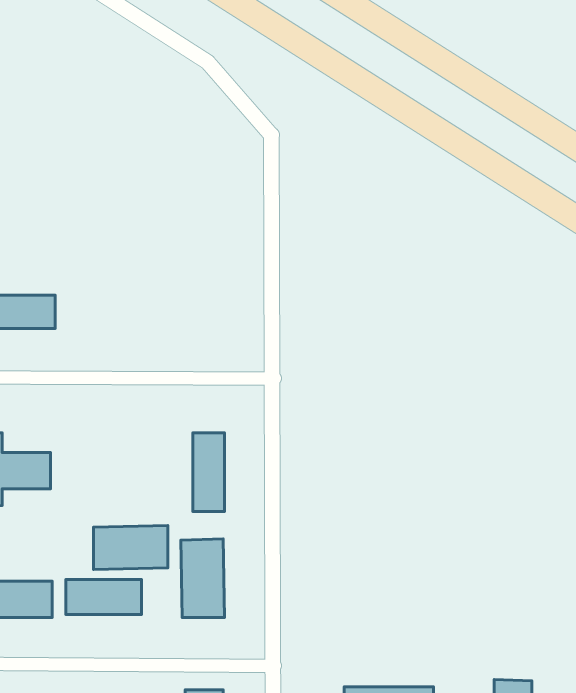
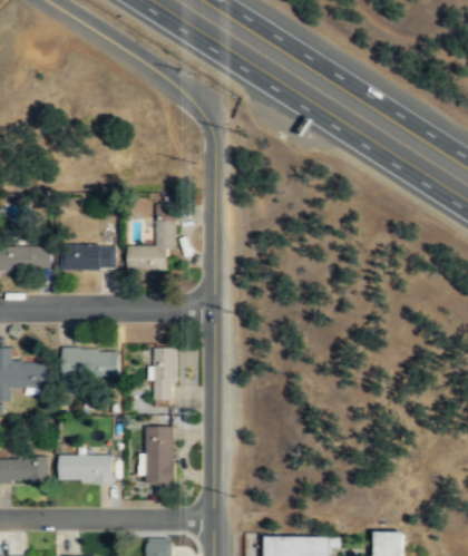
building: none -> [127,205,176,271]
building: none -> [64,246,116,271]
building: [94,526,168,570] -> [64,349,118,381]

